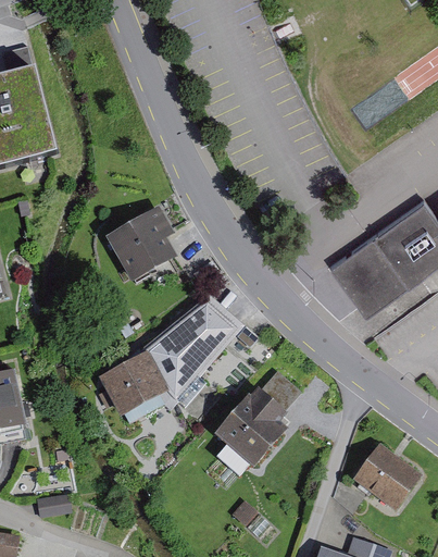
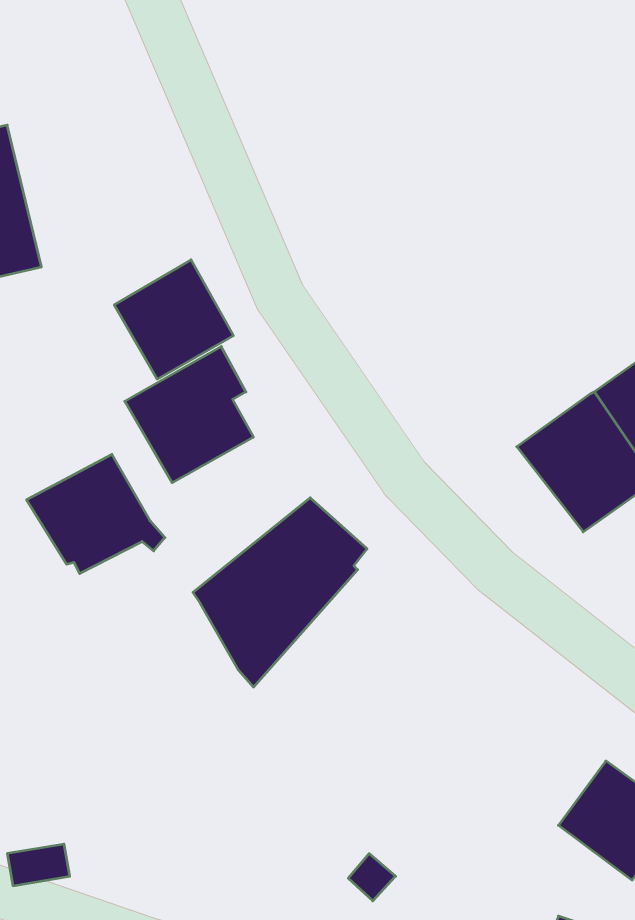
building: none -> [114,260,233,379]
building: [98,355,177,423] -> [27,454,165,574]
building: [214,369,302,471] -> none

